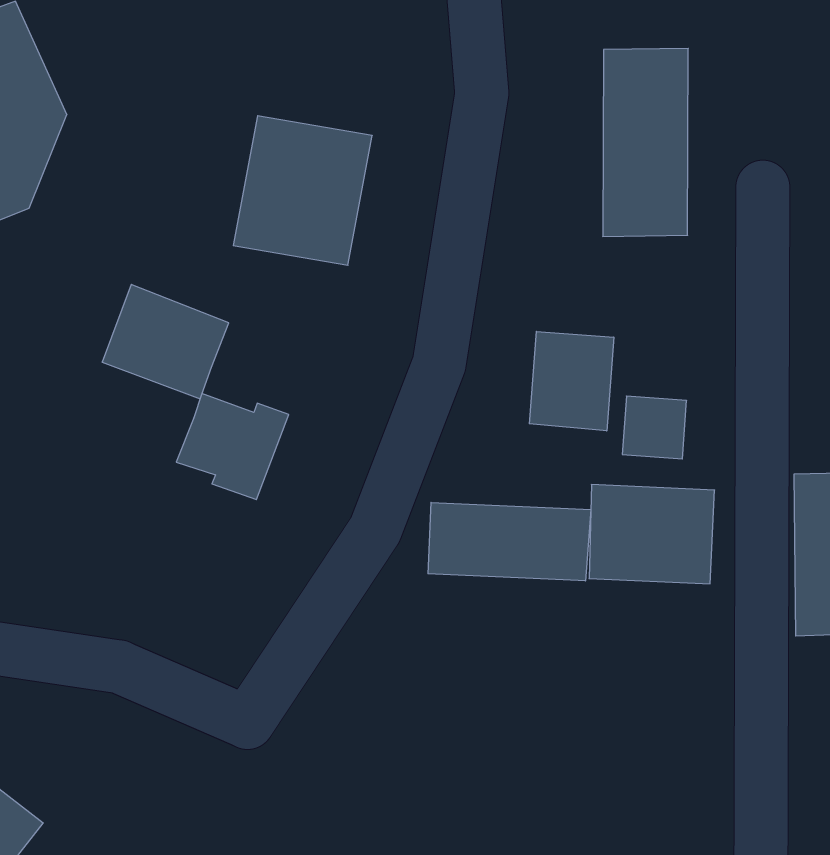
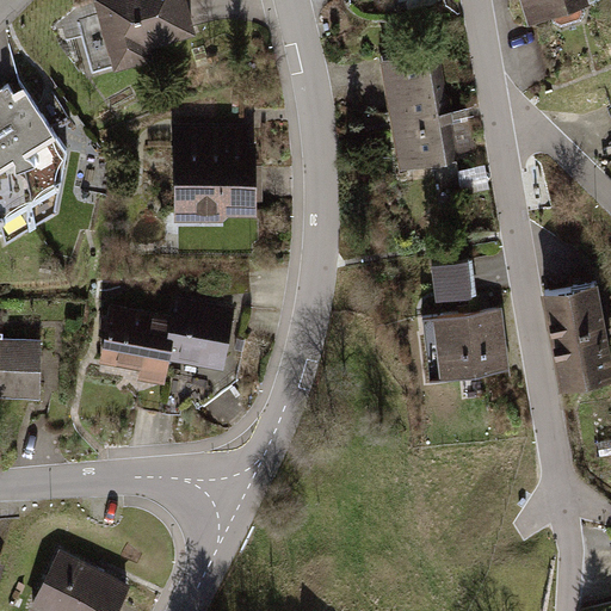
building: [102,284,229,399] -> [101,311,174,374]
building: [529,331,614,431] -> none
building: [428,502,591,581] -> none

